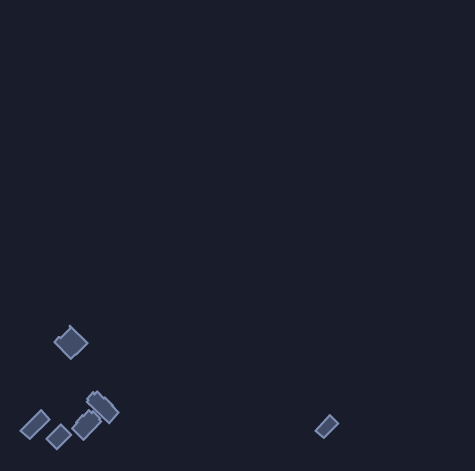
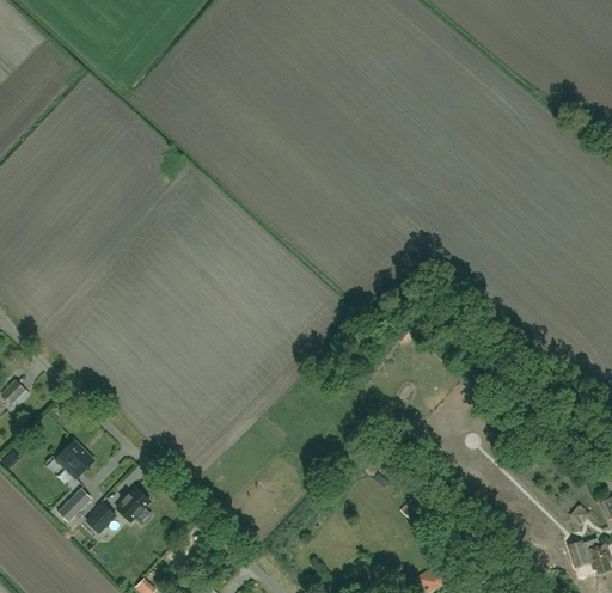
building: [54,326,87,359] -> [54,440,92,478]
building: [87,392,118,423] -> none

